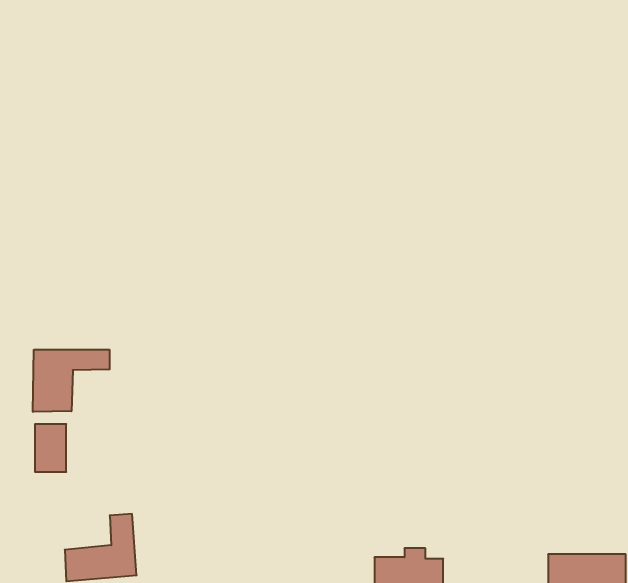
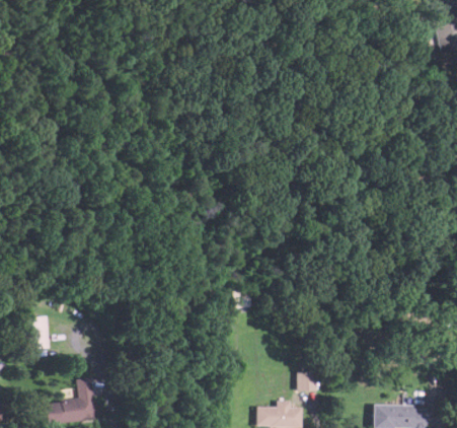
building: [33,350,110,412] -> none
building: none -> [299,369,320,388]

